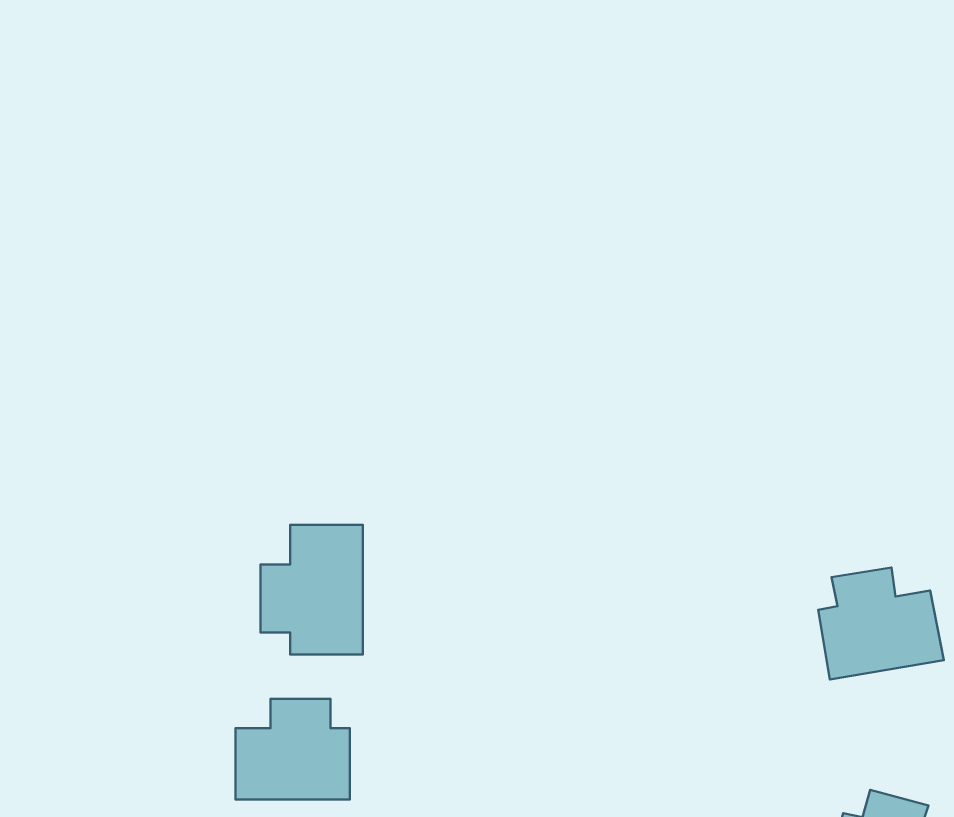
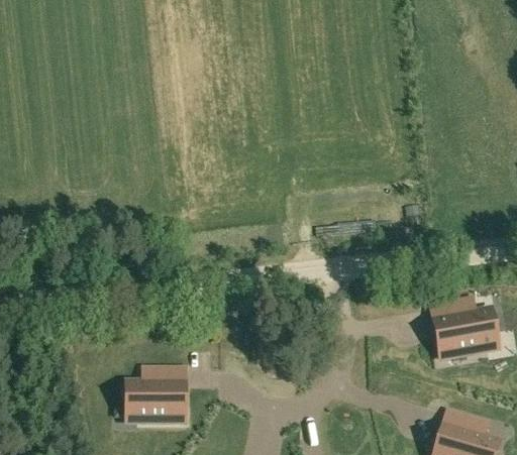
building: [261,525,363,654] -> none

